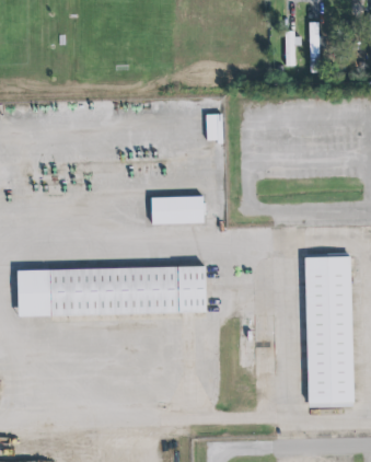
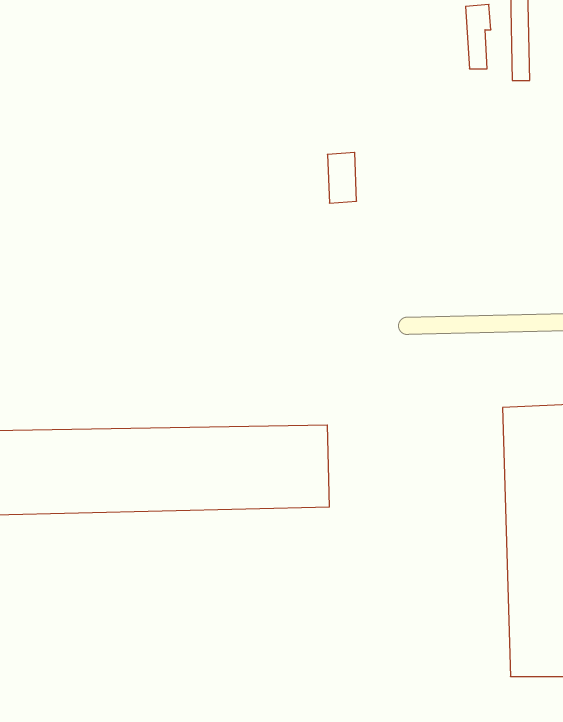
building: [151,195,204,224] -> none

